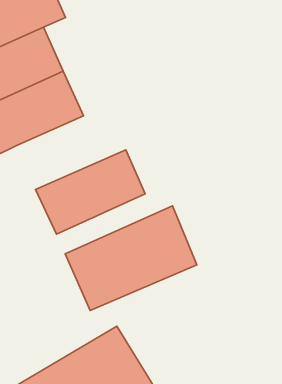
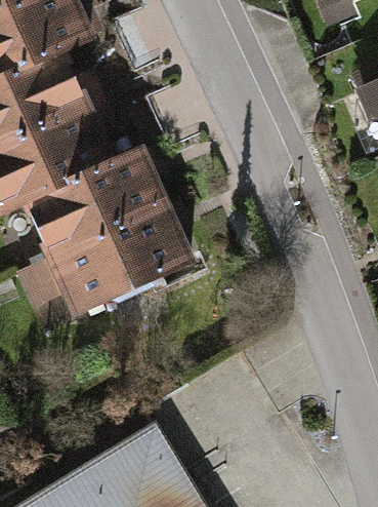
building: none -> [27,150,165,257]
building: [65,206,197,310] -> none

